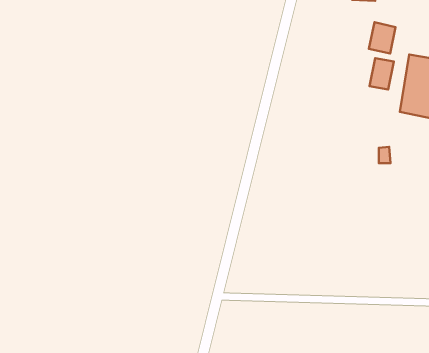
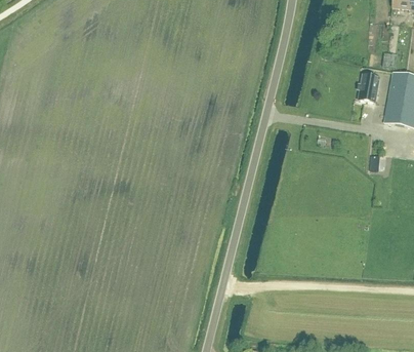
building: [369,22,396,54] -> none

